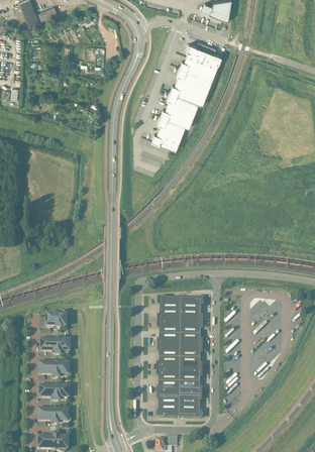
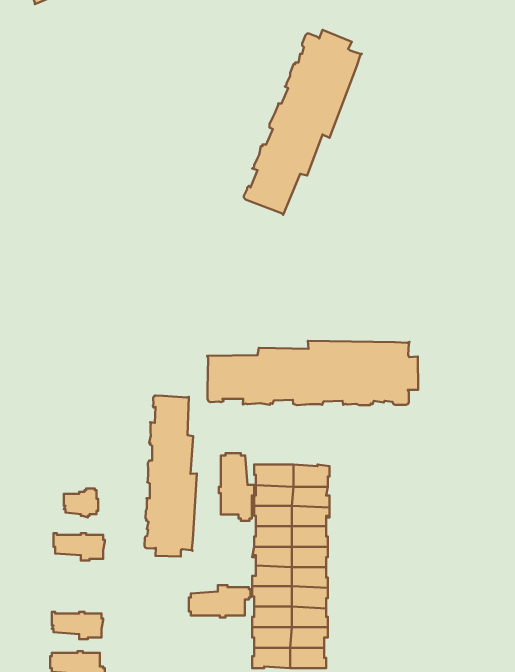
building: none -> [207,341,418,405]
building: none -> [144,396,197,557]
building: none -> [219,453,254,521]
building: [39,360,73,376] -> none
building: none -> [189,585,251,618]

